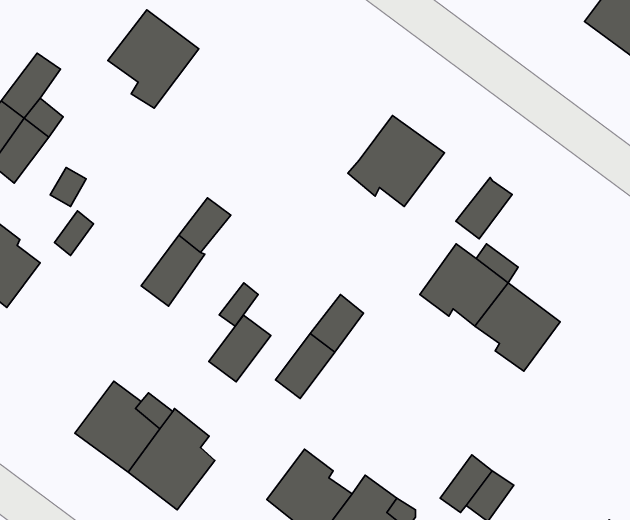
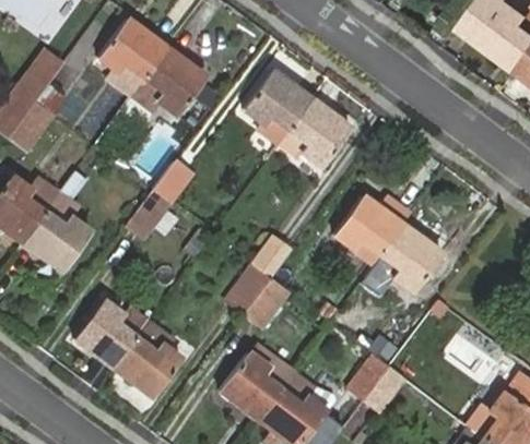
building: none -> [130,49,205,117]
building: none -> [244,70,314,133]
building: [456,178,512,239] -> none
building: none -> [22,211,91,274]
building: [209,315,271,382] -> [244,278,291,328]

